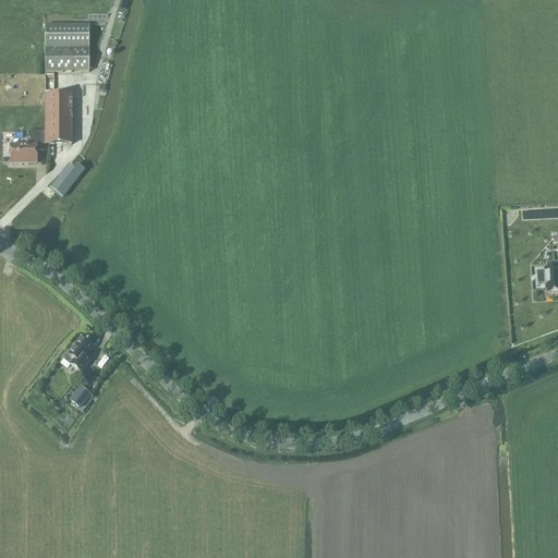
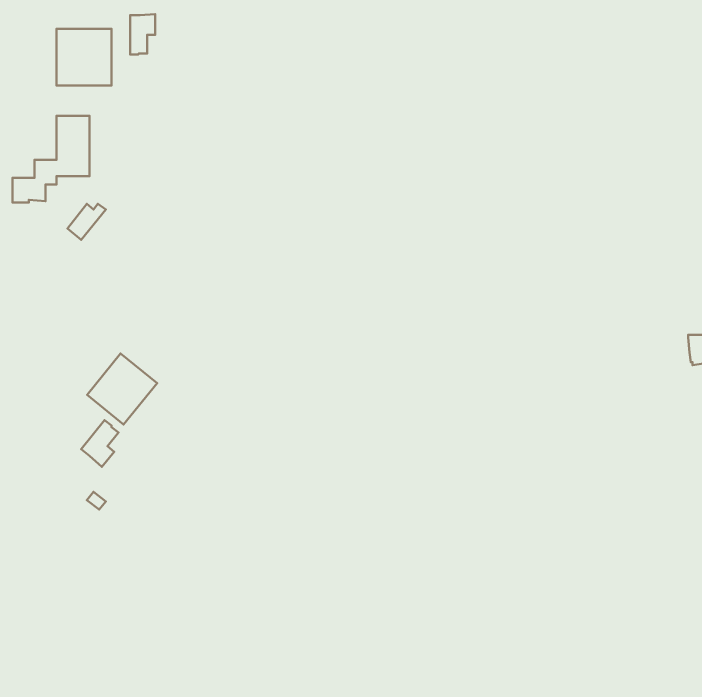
building: none -> [130,14,155,55]
building: none -> [87,353,157,425]

